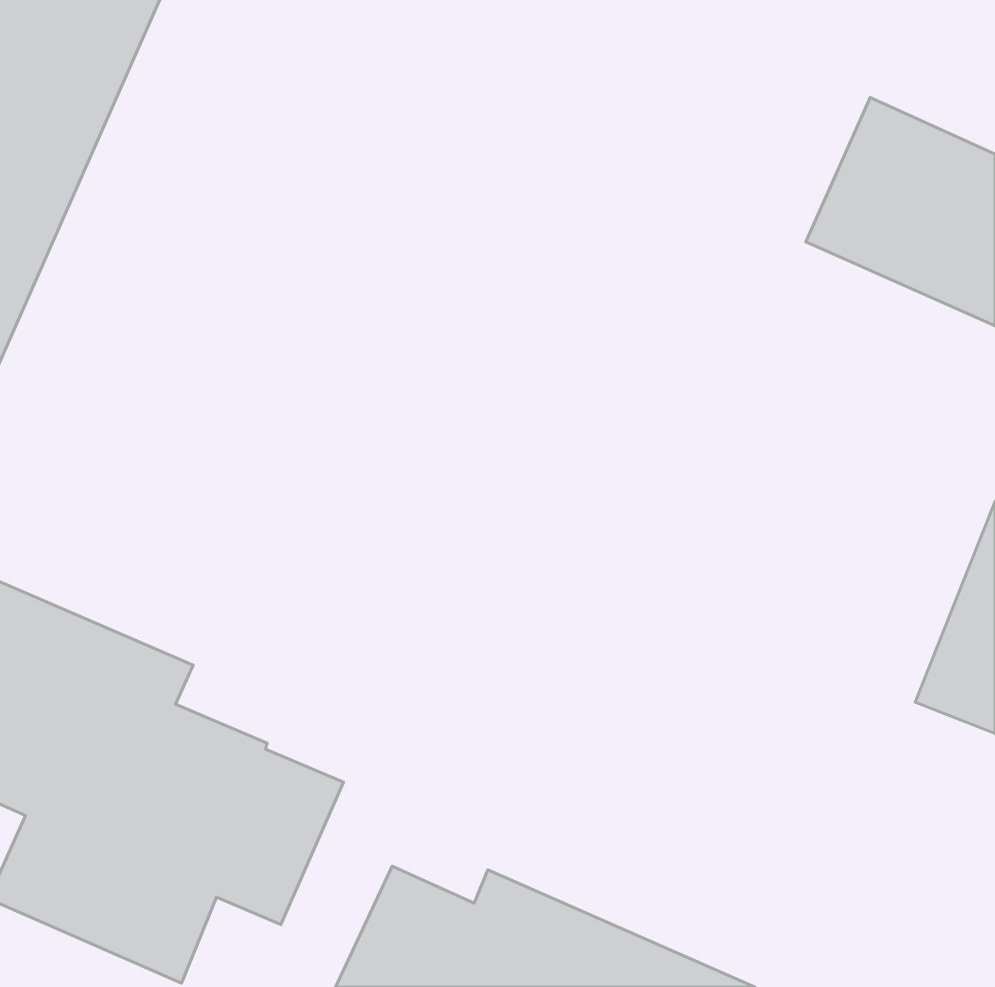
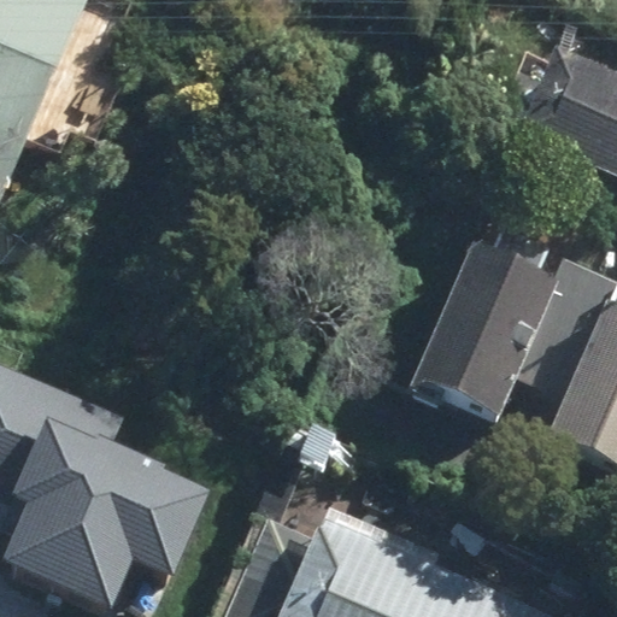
building: none -> [428,243,574,417]

